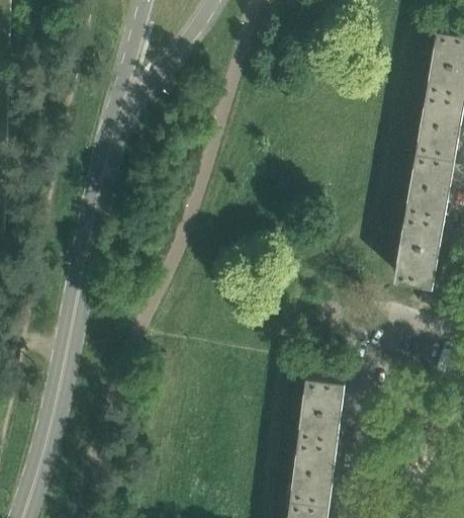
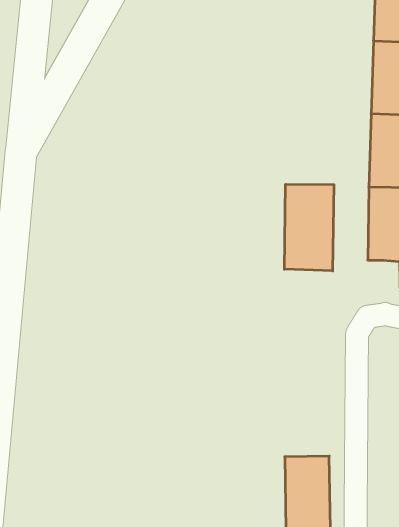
building: none -> [284,184,334,271]
building: [296,379,343,447] -> none

